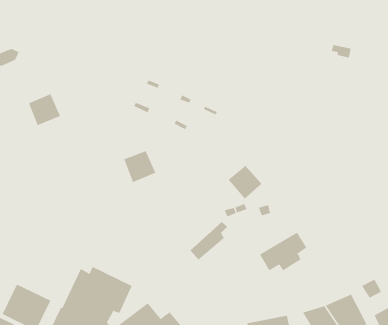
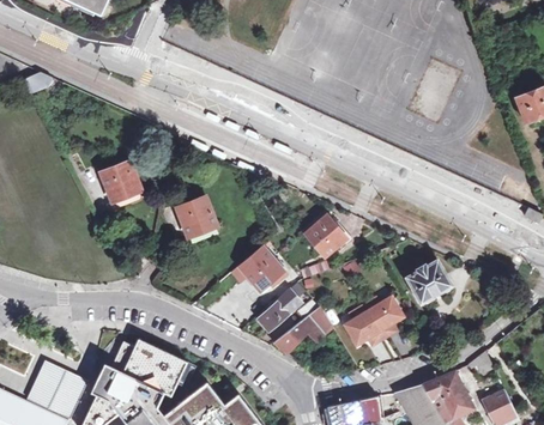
building: [28,93,61,126] -> [101,162,140,201]
building: none -> [237,244,284,291]
building: none -> [406,260,453,305]
building: none -> [276,300,331,354]

